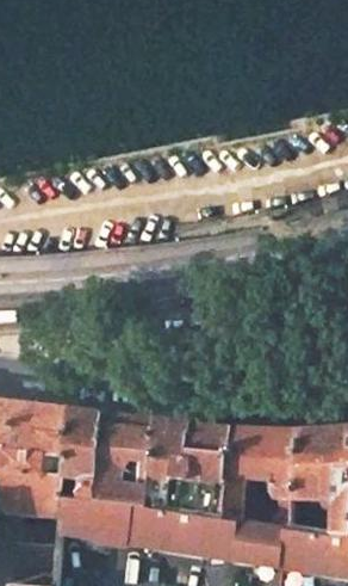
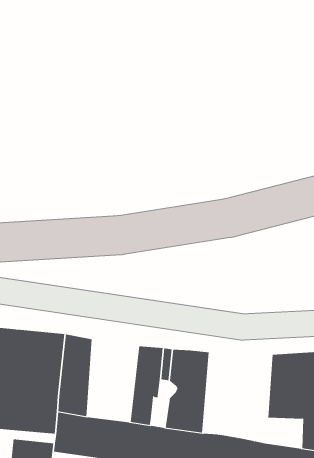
building: [98,413,154,504] -> none
building: [224,427,299,526] -> none

